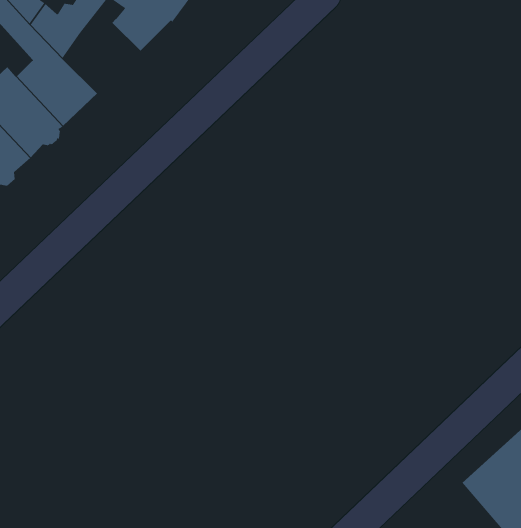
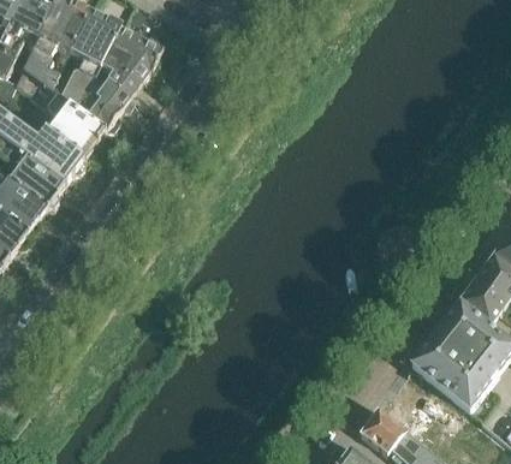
building: none -> [78,79,135,131]

